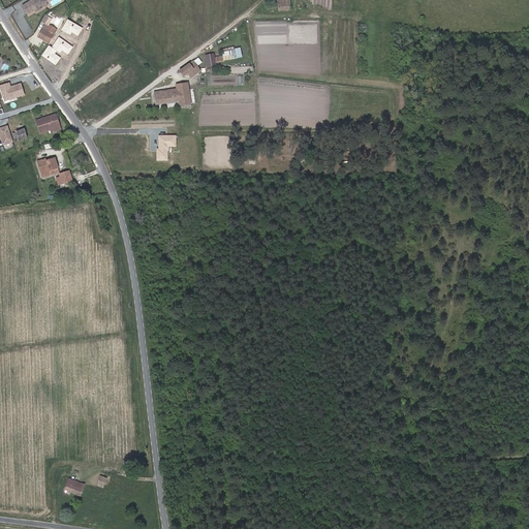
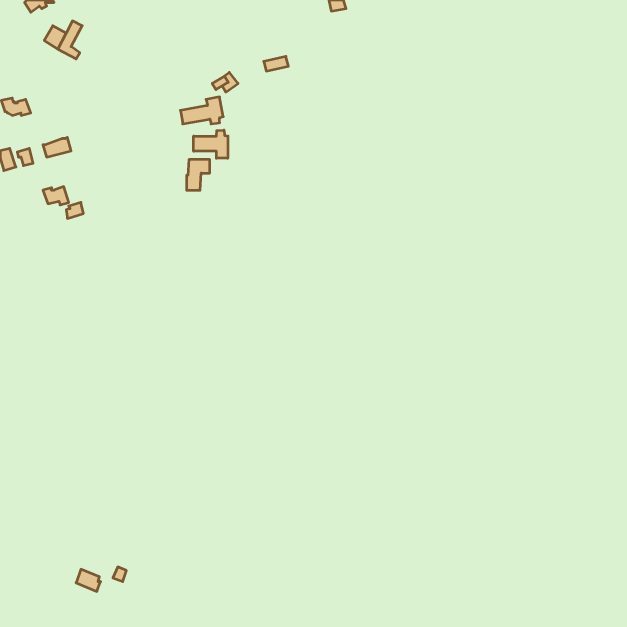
building: none -> [194,130,228,158]

